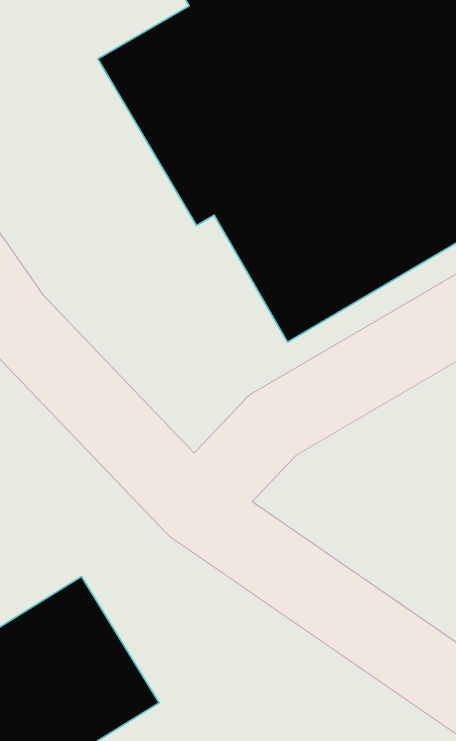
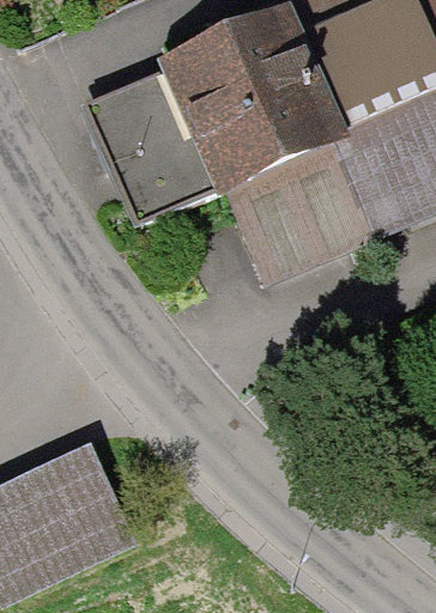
building: none -> [97,91,219,242]

